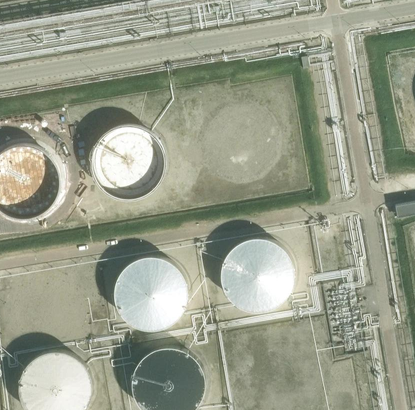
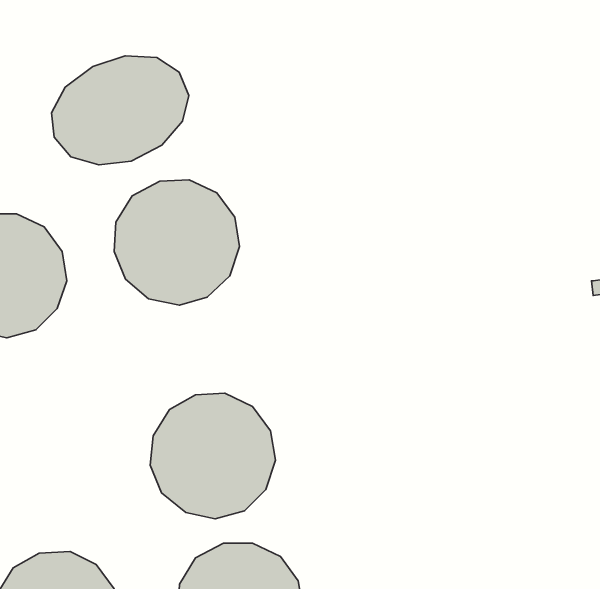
building: none -> [52,56,189,165]
building: [220,238,294,312] -> none

